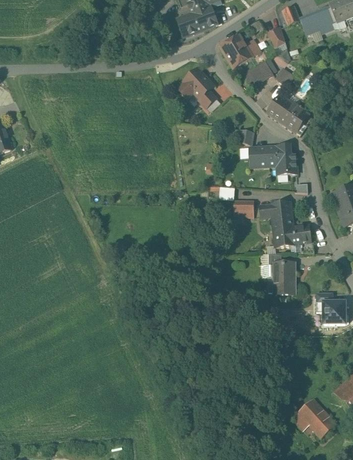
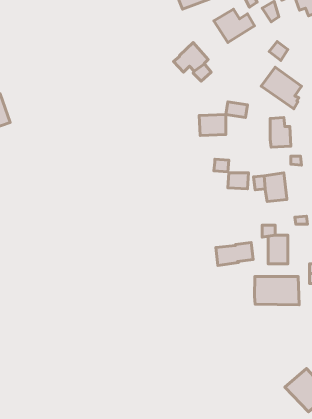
building: [242,60,273,87] -> none
building: [249,145,276,166] -> [199,115,226,135]
building: [273,224,311,247] -> [216,243,253,265]
building: none -> [255,276,299,305]

